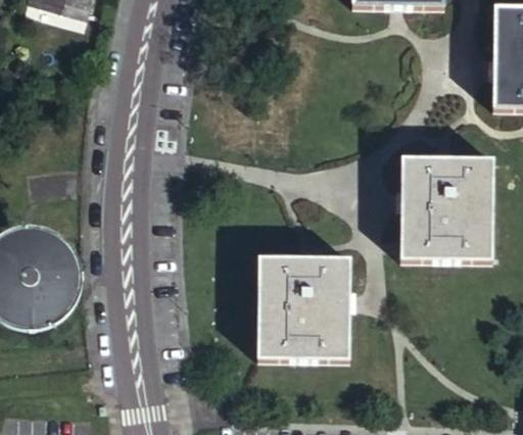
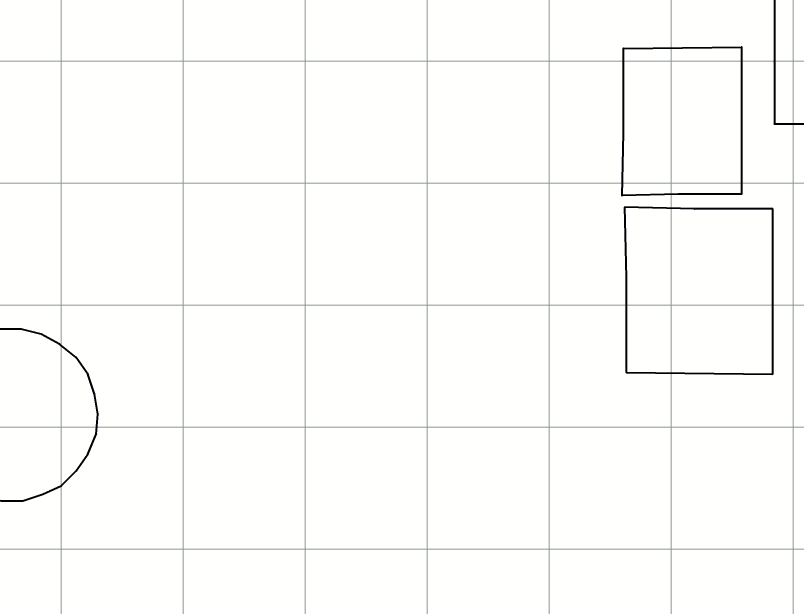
building: none -> [622,47,742,196]
building: [257,256,350,362] -> none

